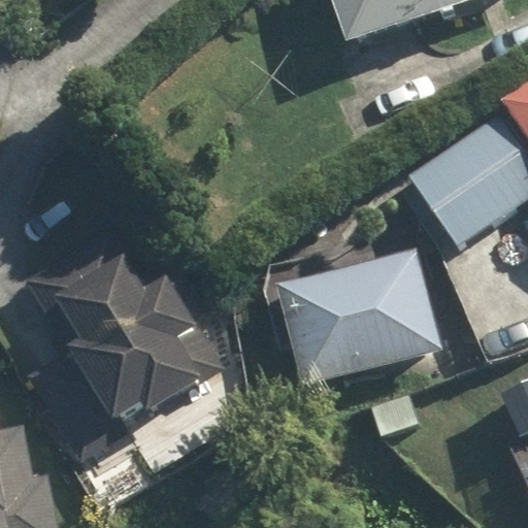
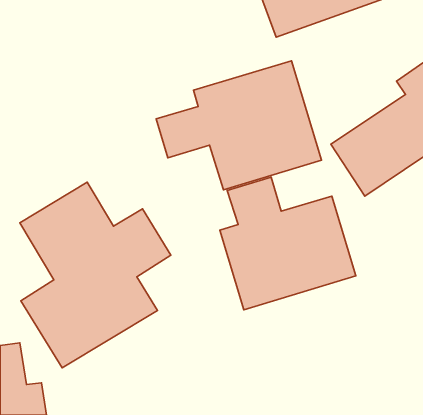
building: none -> [156,61,321,190]

